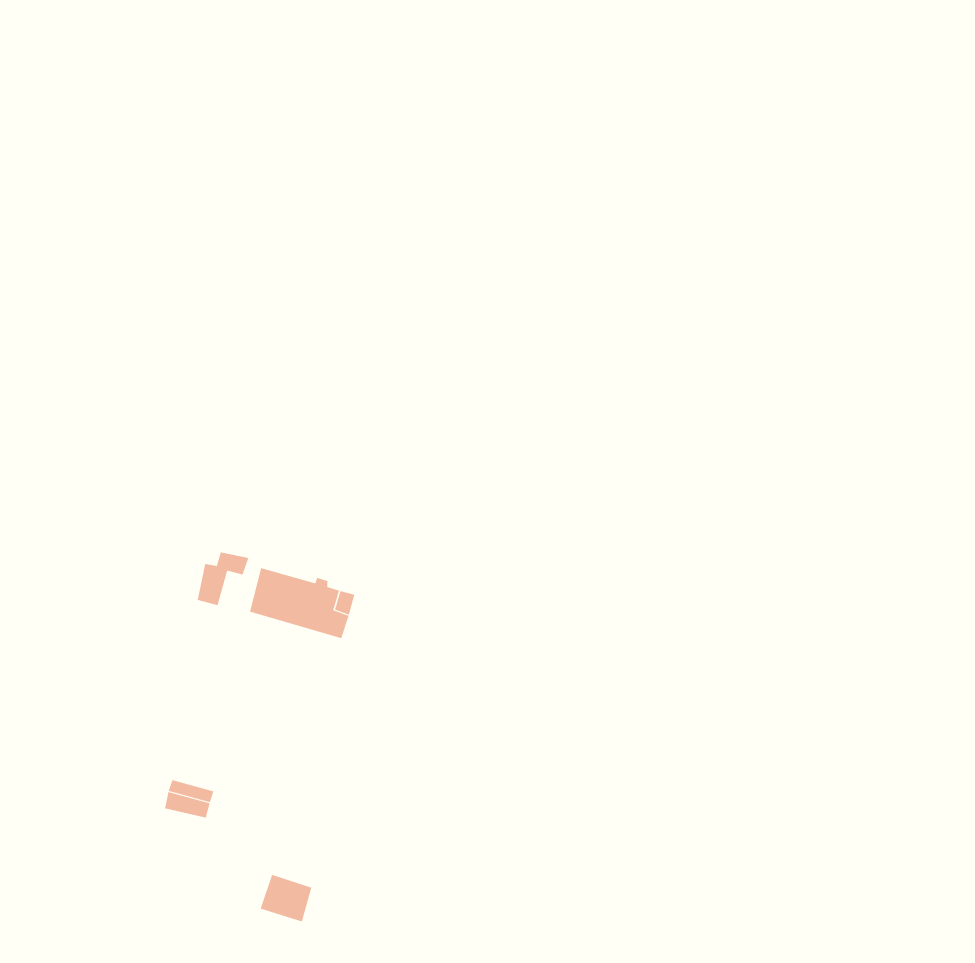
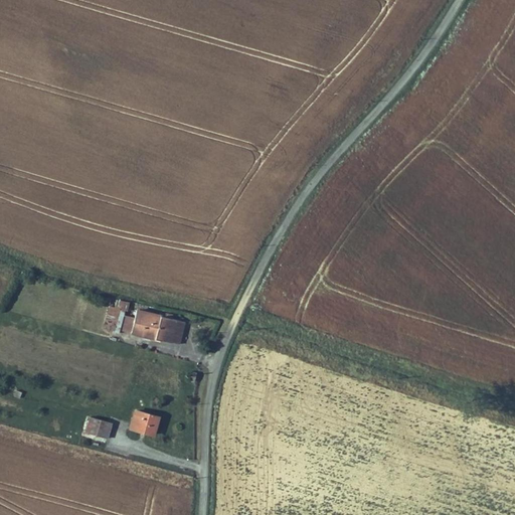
building: [260,874,312,922] -> [131,410,158,436]

